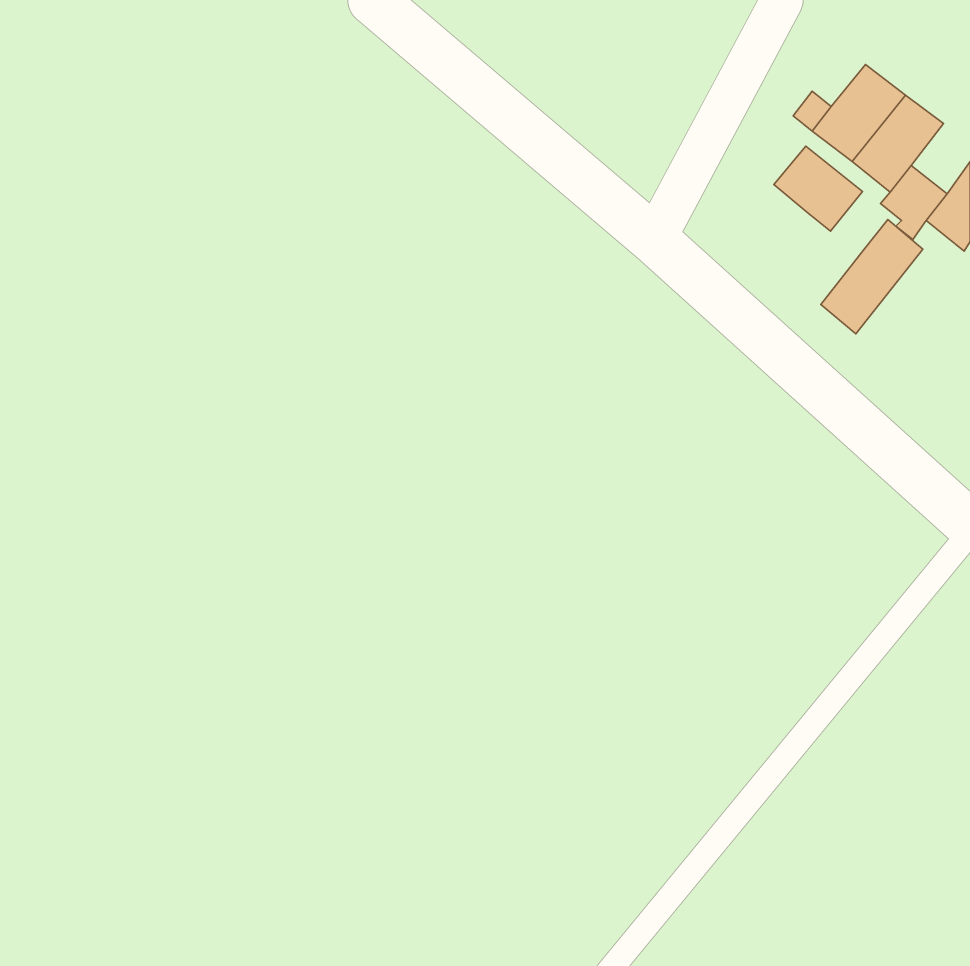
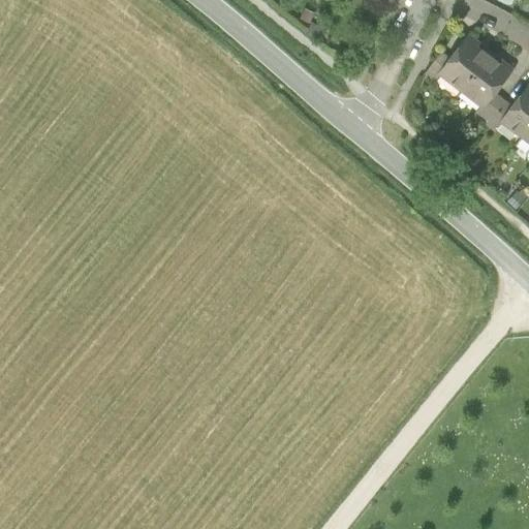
building: [774,146,862,231] -> none
building: [821,220,923,334] -> none

